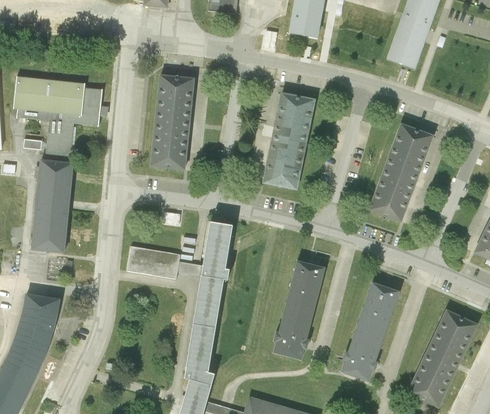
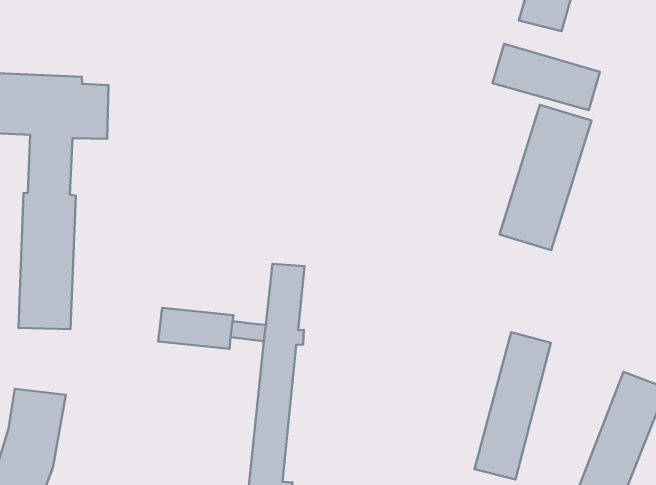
building: [149,70,194,169] -> none
building: none -> [492,44,600,110]
building: [261,89,315,189] -> none
building: [274,260,323,357] -> none

